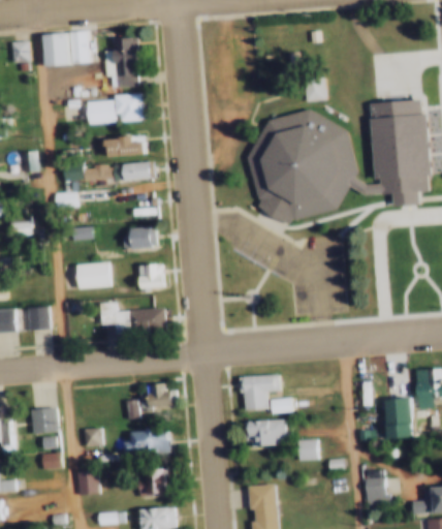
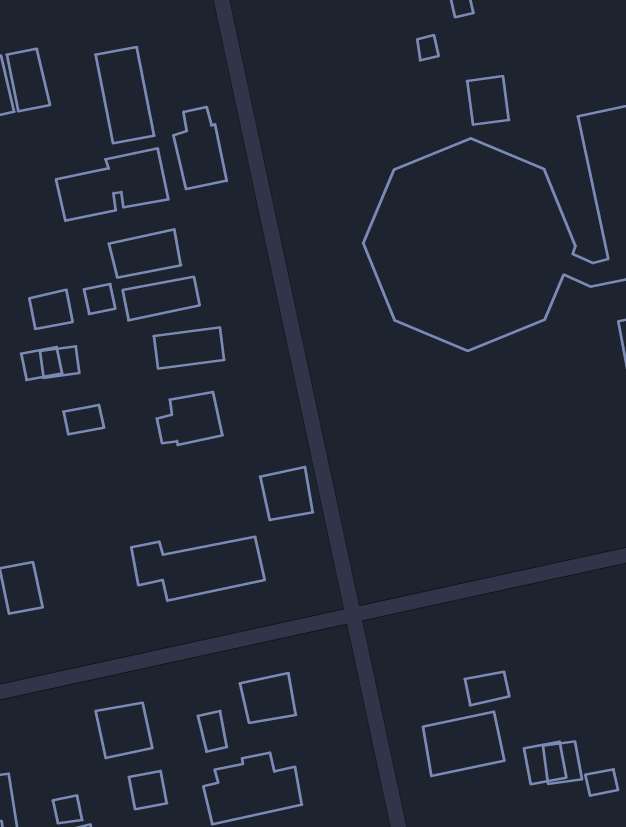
building: none -> [173,107,227,189]
building: [77,263,110,289] -> none
building: [139,264,165,290] -> [260,467,313,520]
building: [239,374,280,412] -> none
building: [29,407,57,434] -> [96,703,152,758]

